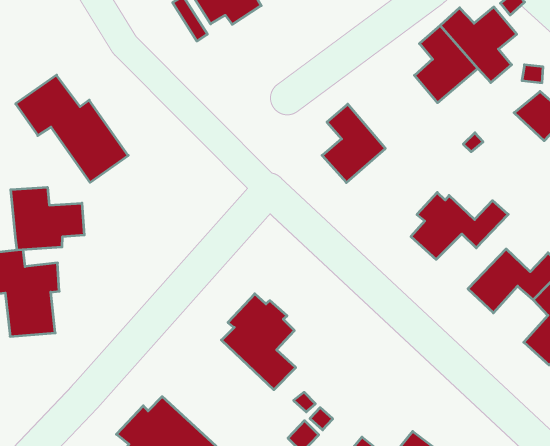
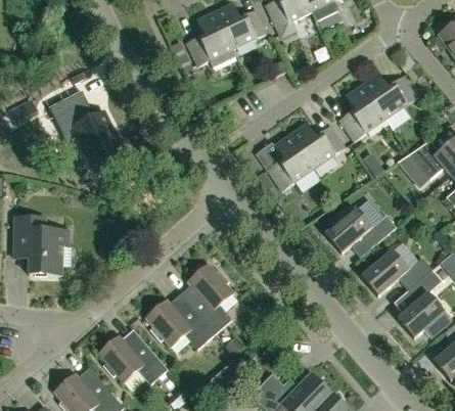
building: none -> [289,124,345,169]
building: [11,187,84,250] -> none
building: none -> [145,293,214,349]

